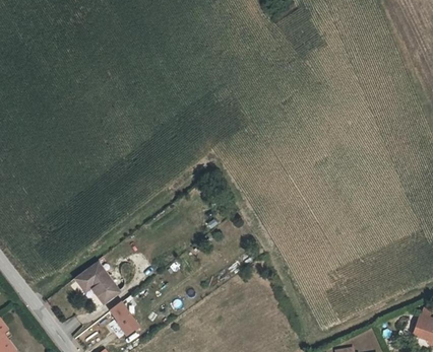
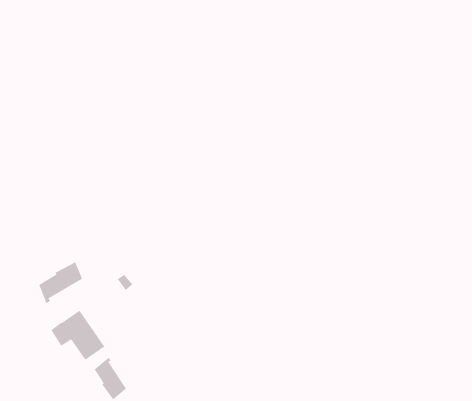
building: none -> [38,262,83,304]

